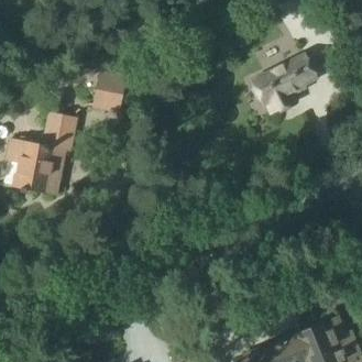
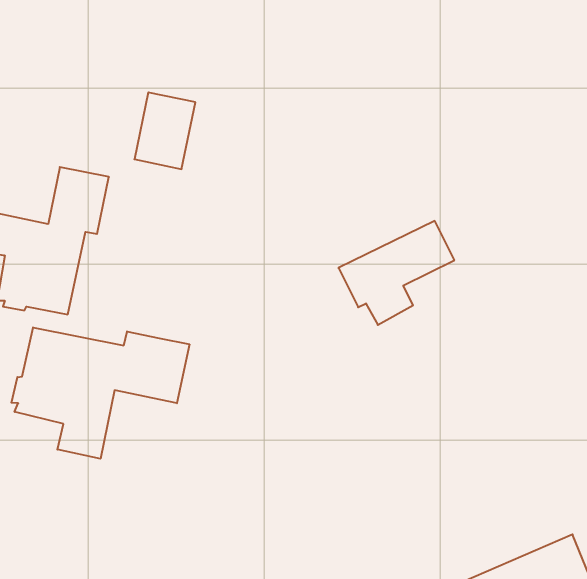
building: [252,53,317,111] -> [338,221,454,325]
building: none -> [11,327,189,459]

